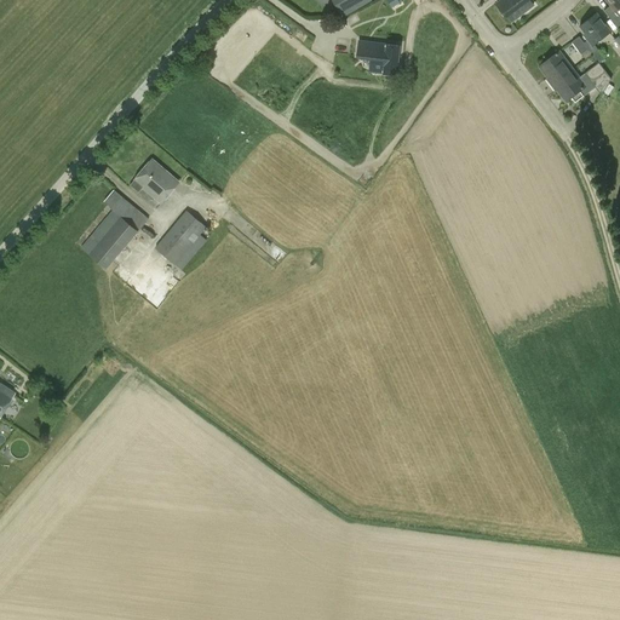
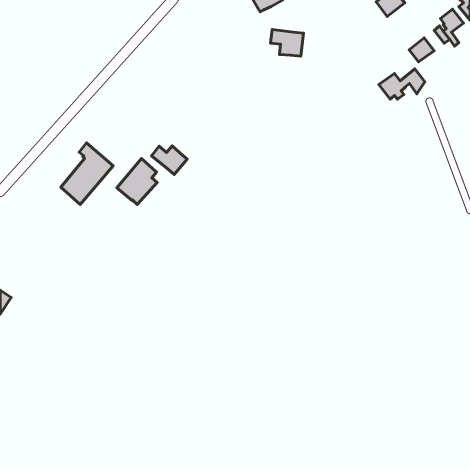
building: [551,61,612,101] -> [379,69,425,99]
building: [130,157,179,202] -> none
building: none -> [152,146,187,175]

